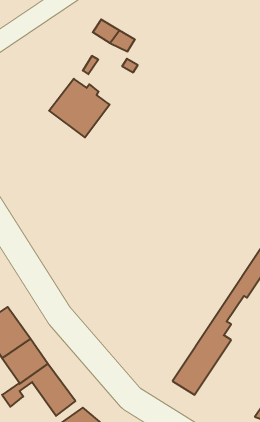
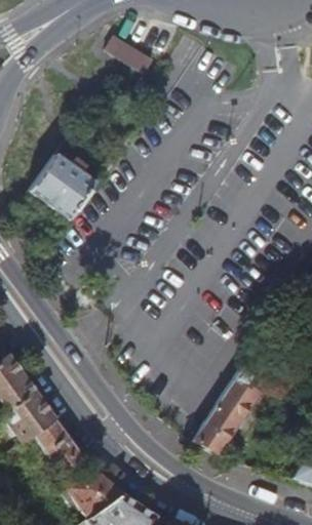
building: [49,79,110,137] -> [31,157,99,223]

